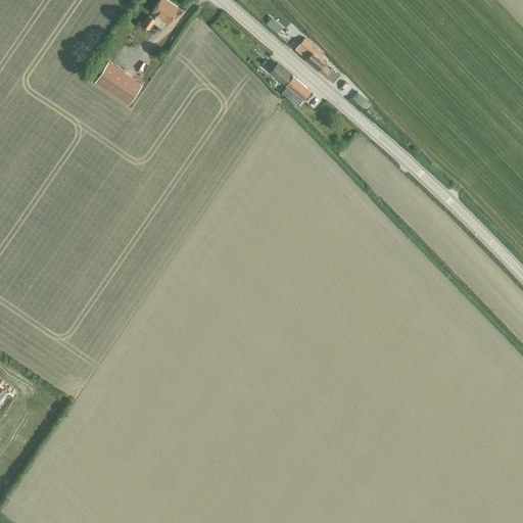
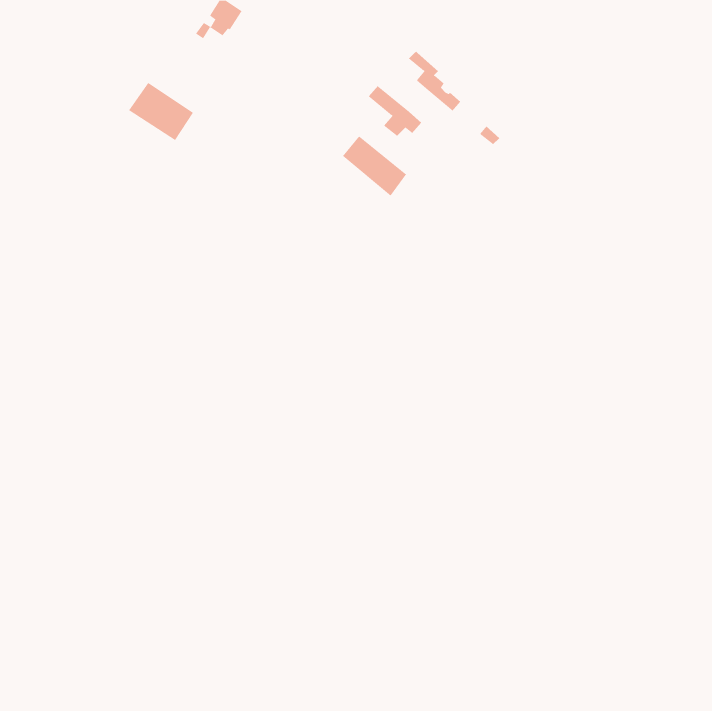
building: none -> [342,135,407,196]

